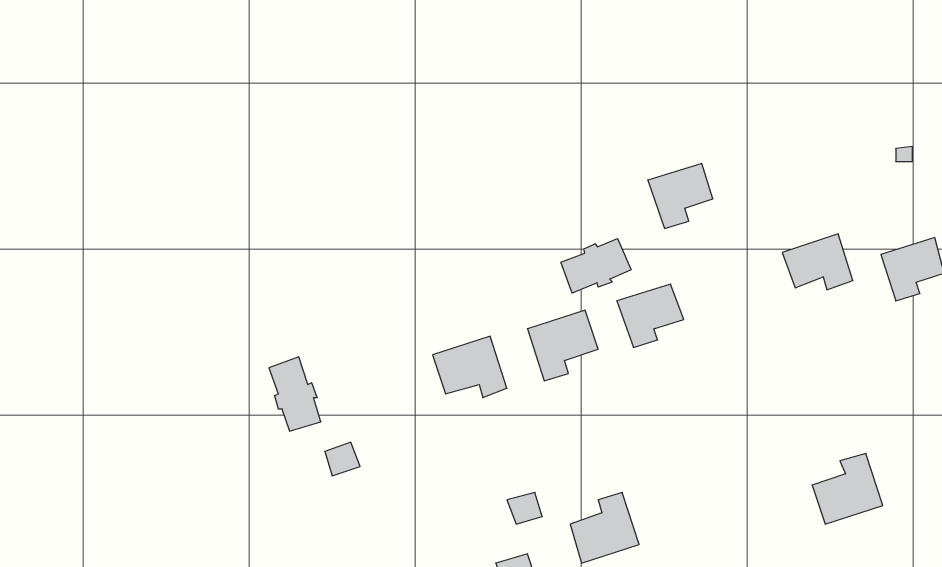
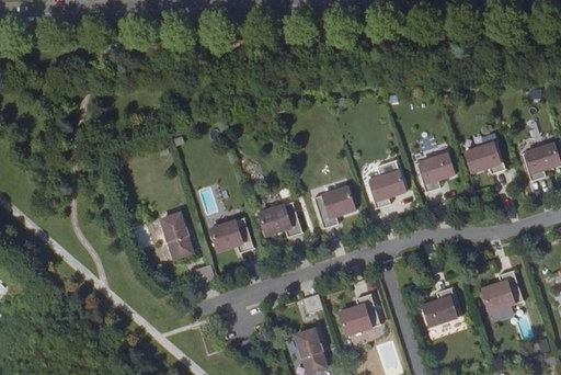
building: [648,163,713,228] -> [415,152,454,191]
building: [561,239,631,293] -> none
building: none -> [209,216,253,252]
building: none -> [422,286,459,326]

